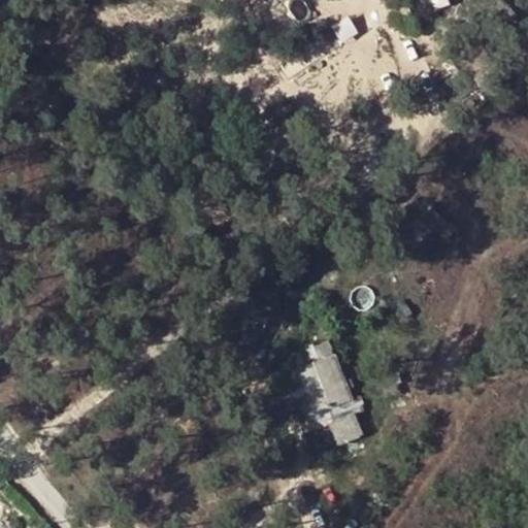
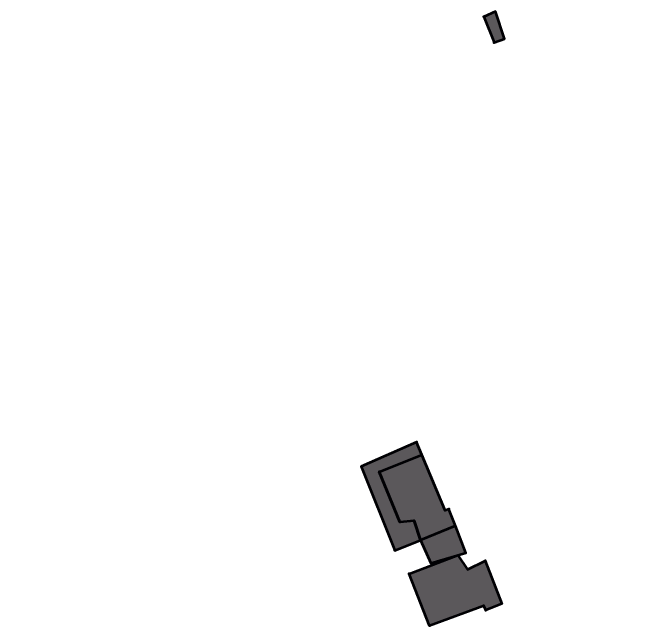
building: none -> [409,555,502,626]

